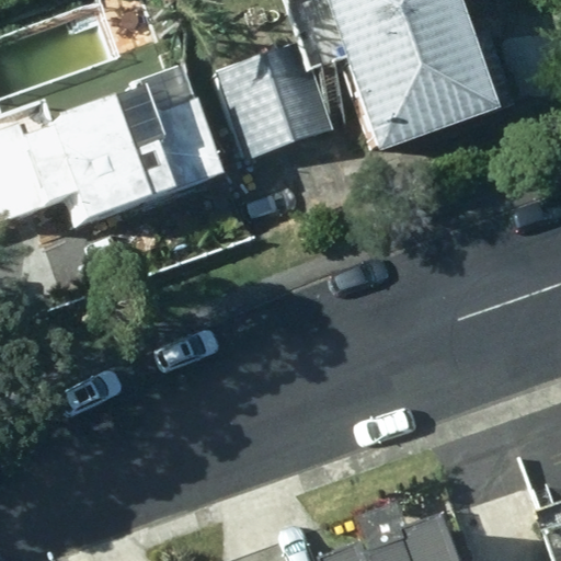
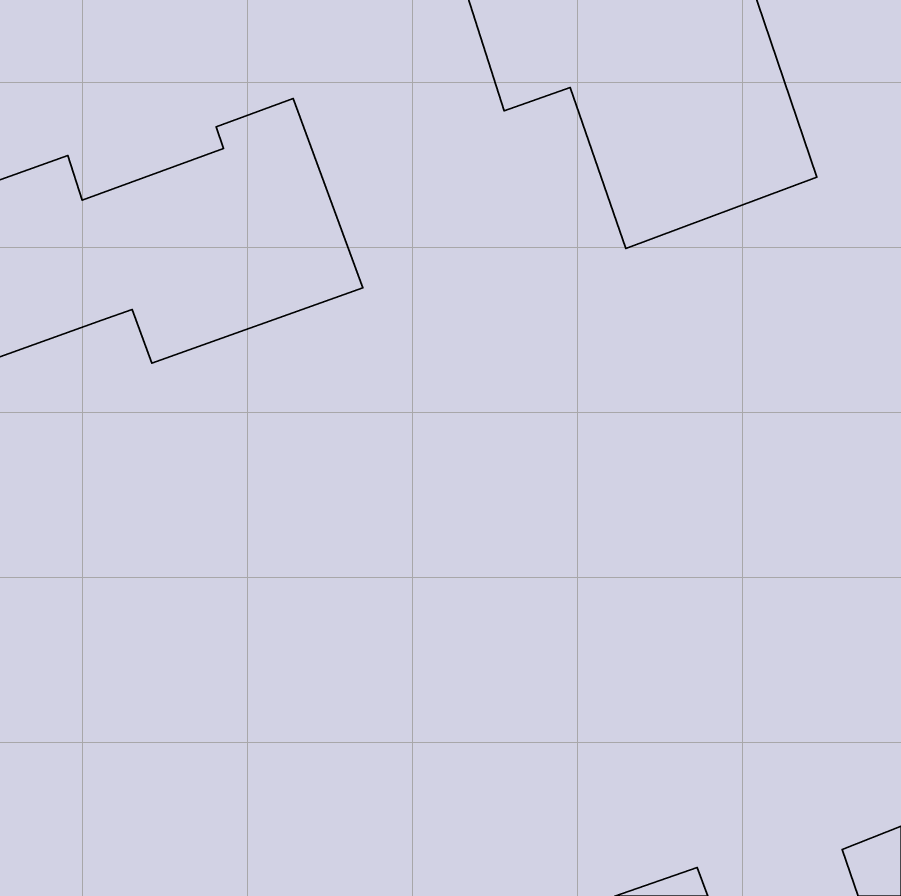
building: [214,38,322,156] -> none

